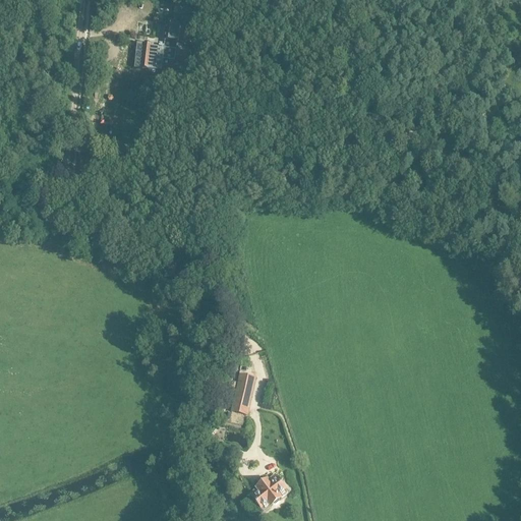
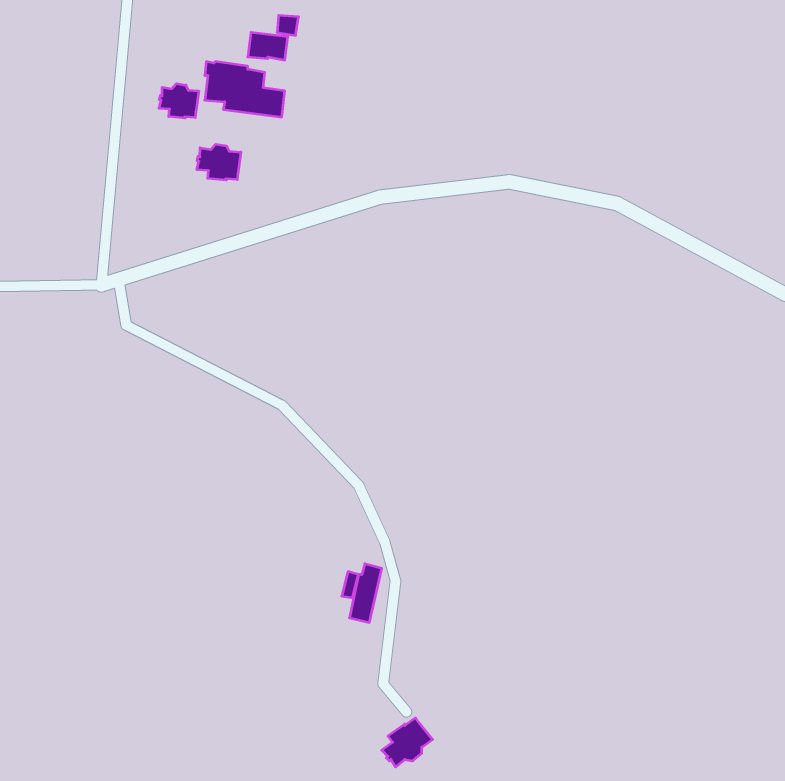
building: none -> [159,84,199,118]
building: none -> [197,144,241,180]

